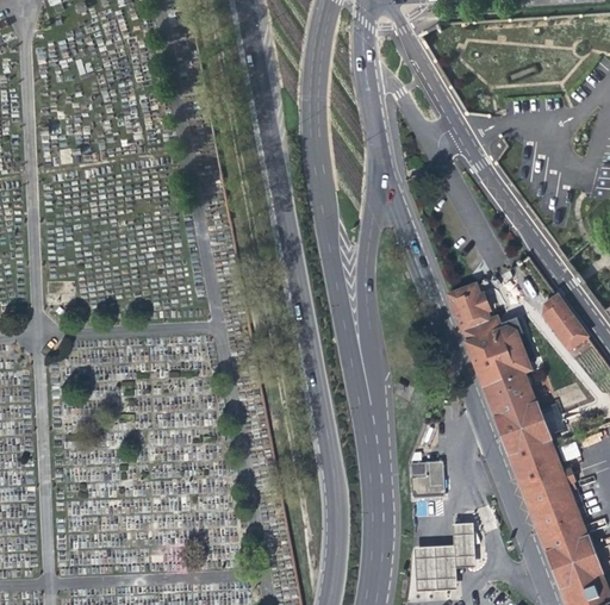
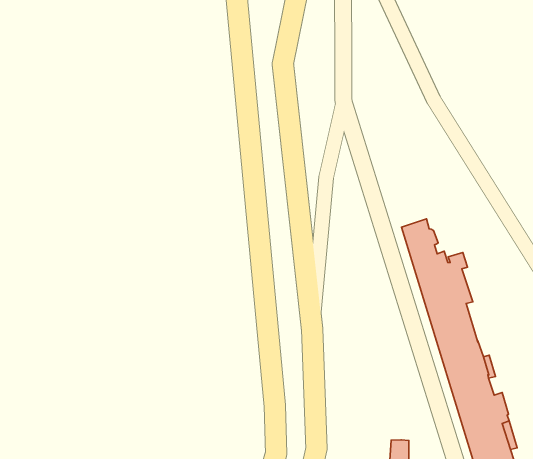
building: [543,297,586,350] -> none
building: [410,462,443,494] -> none

